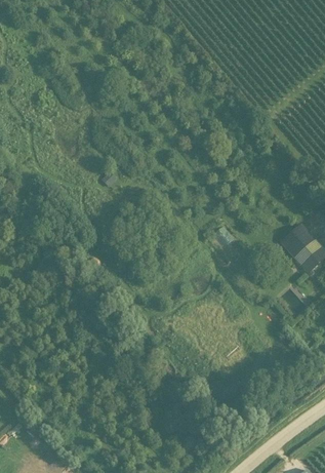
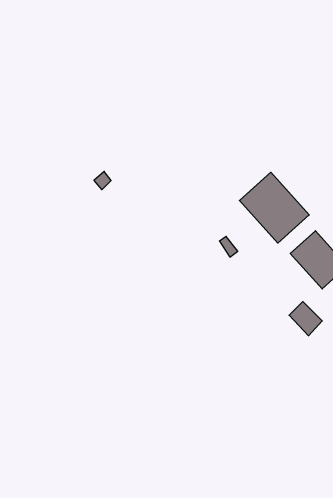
building: none -> [239,172,309,243]

